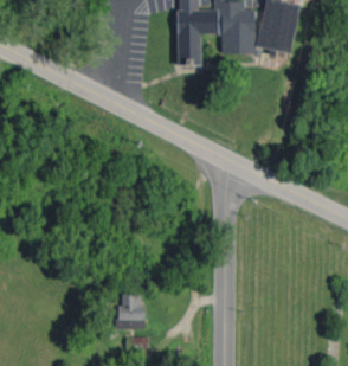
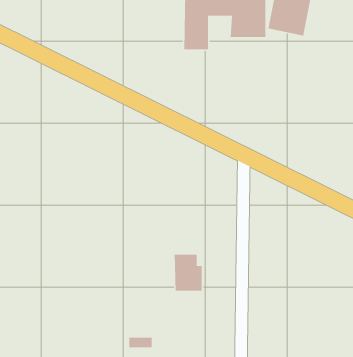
building: [118,293,146,328] -> [174,254,202,291]

